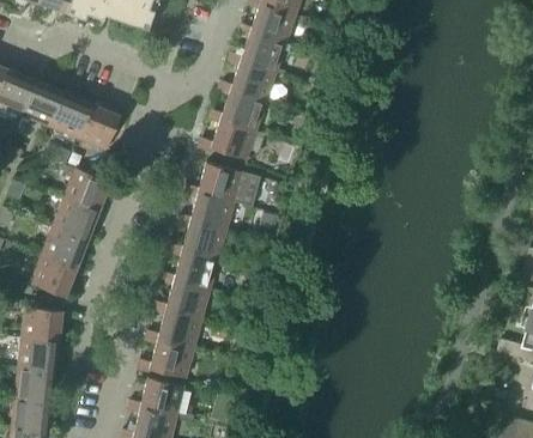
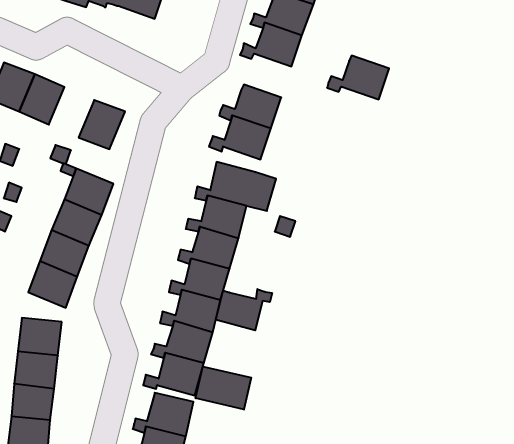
building: [218,61,275,102] -> [327,56,389,99]
building: [50,92,92,139] -> none
building: none -> [216,289,272,330]
building: none -> [196,366,251,410]

